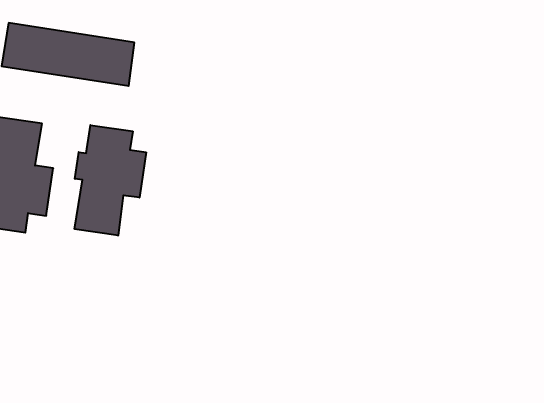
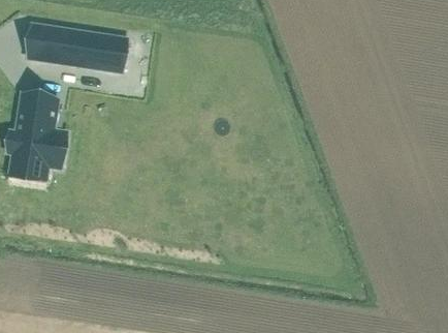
building: [75,125,146,236] -> none

